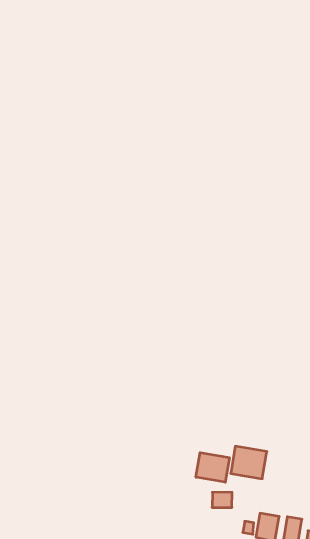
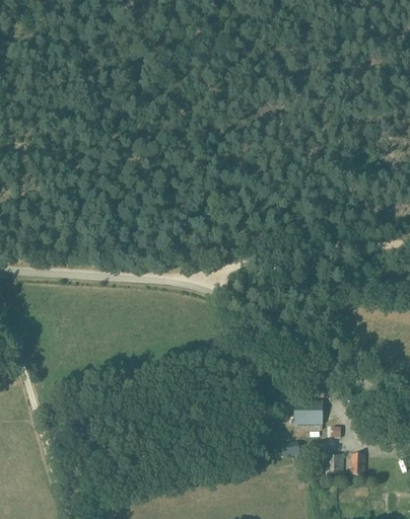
building: [196,453,229,482] -> none

